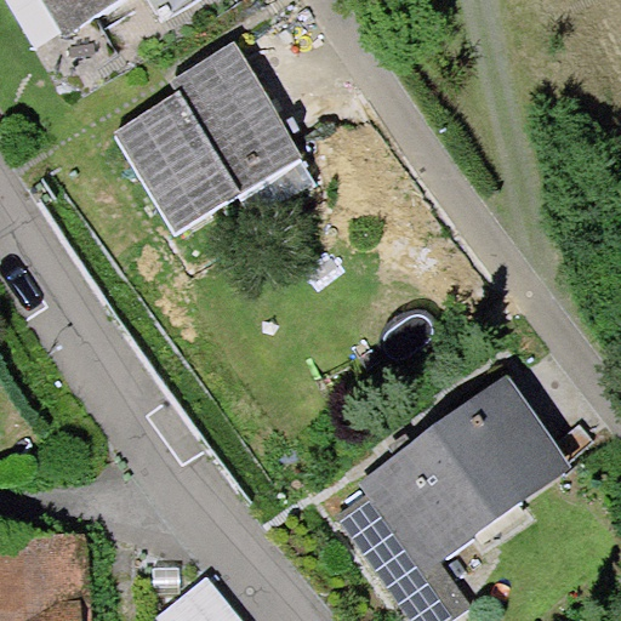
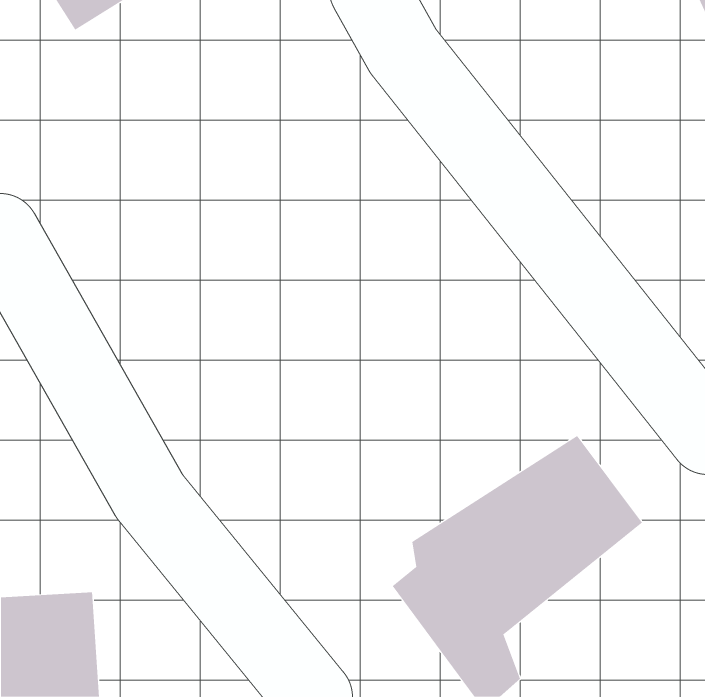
building: [113,46,303,238] -> none

